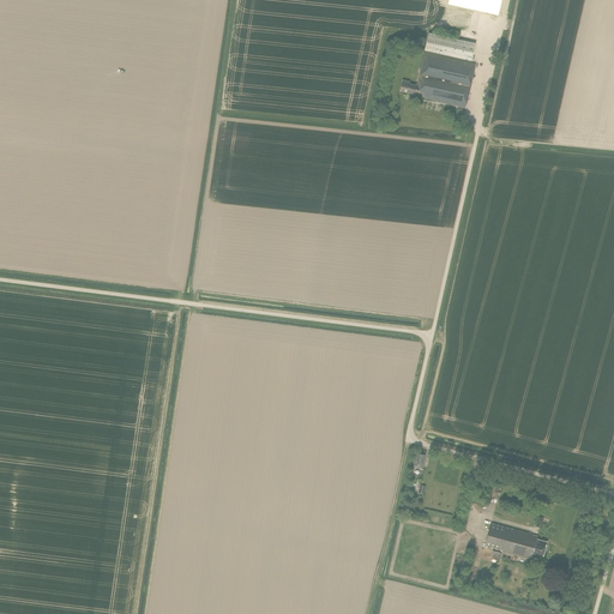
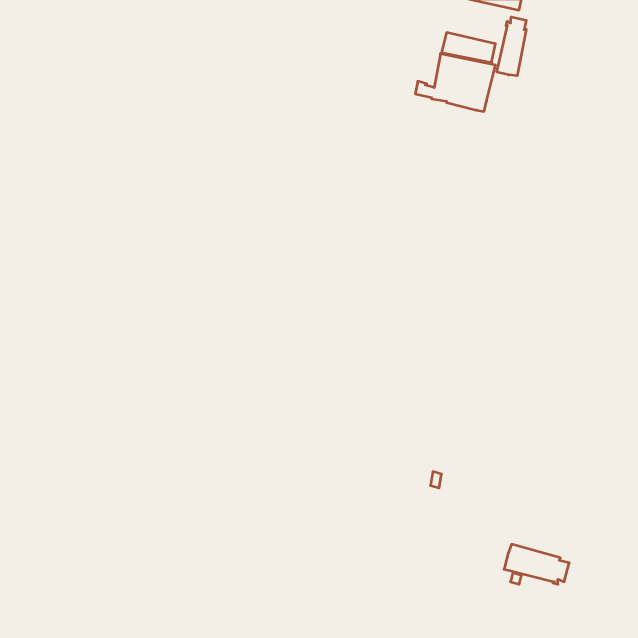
building: none -> [497,17,526,76]

